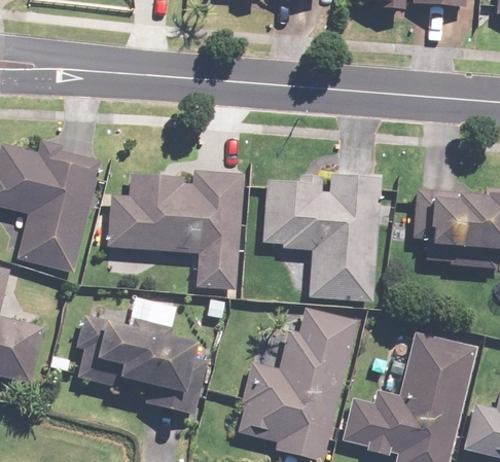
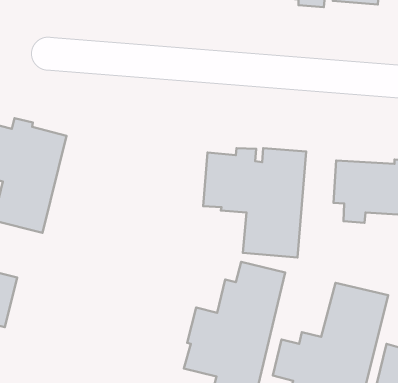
building: [108,170,244,289] -> none
building: [76,314,207,414] -> none

